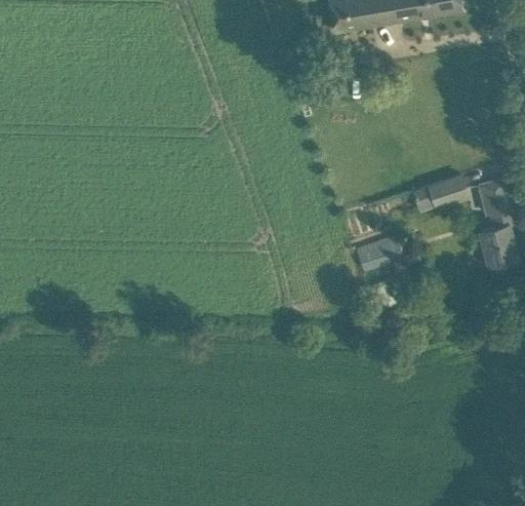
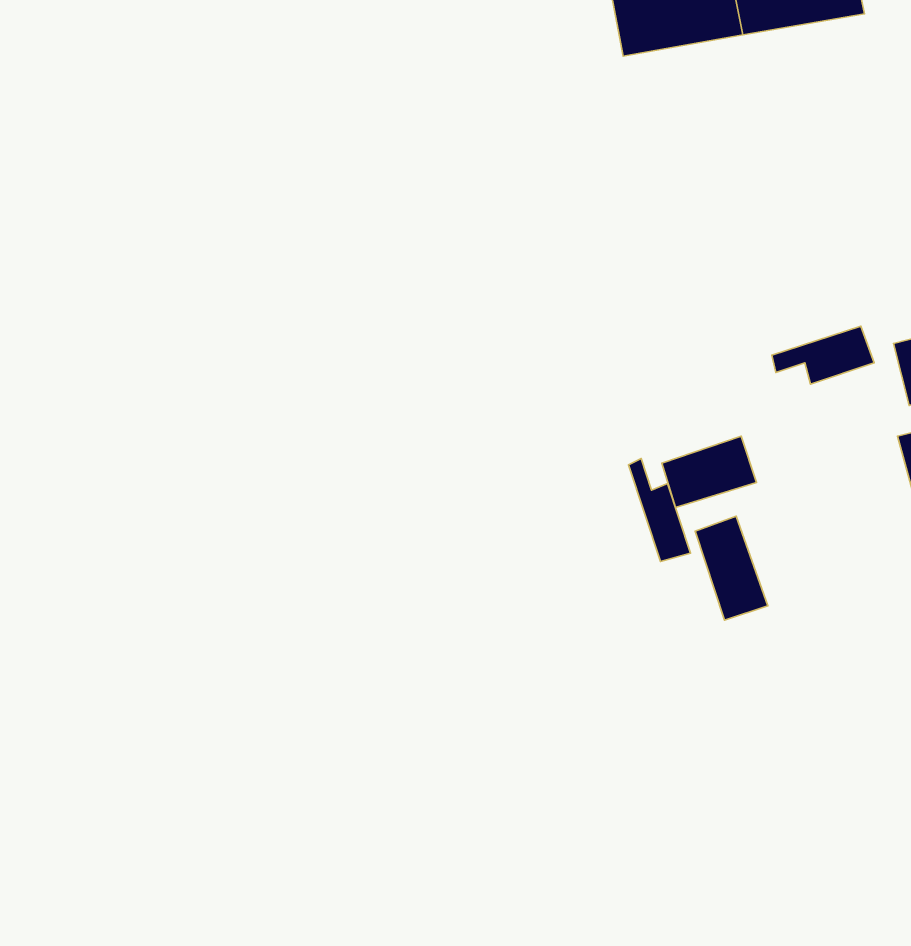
building: none -> [628,459,690,561]
building: none -> [695,516,768,620]

